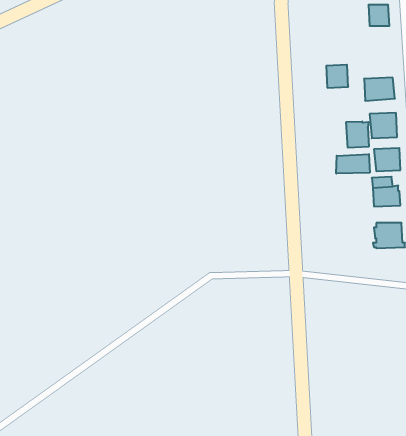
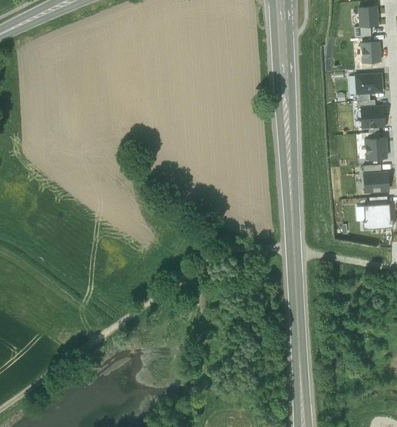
building: [326,65,348,88] -> [361,41,381,62]
building: [346,121,369,148] -> none
building: [336,154,370,174] -> none

